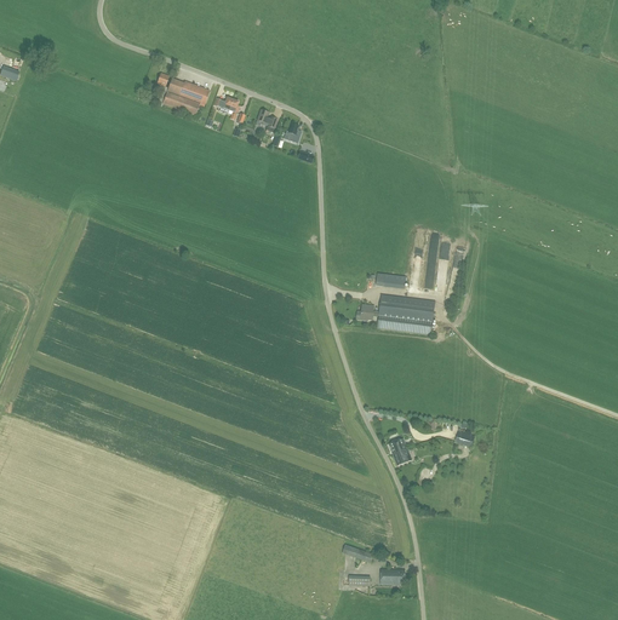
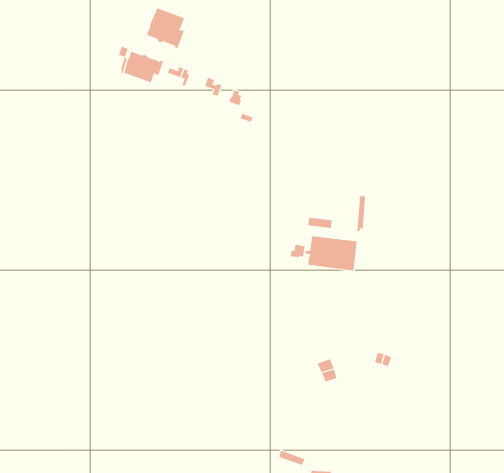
building: none -> [146,8,185,49]

